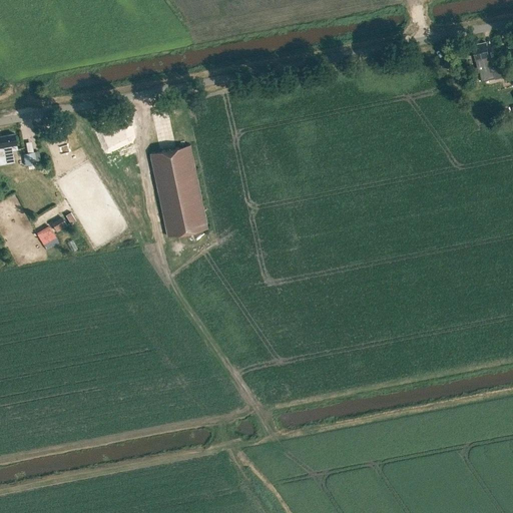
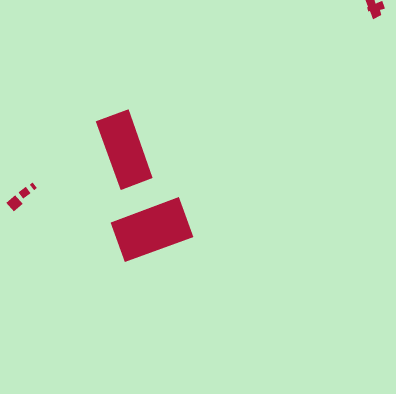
building: none -> [110,196,194,263]

